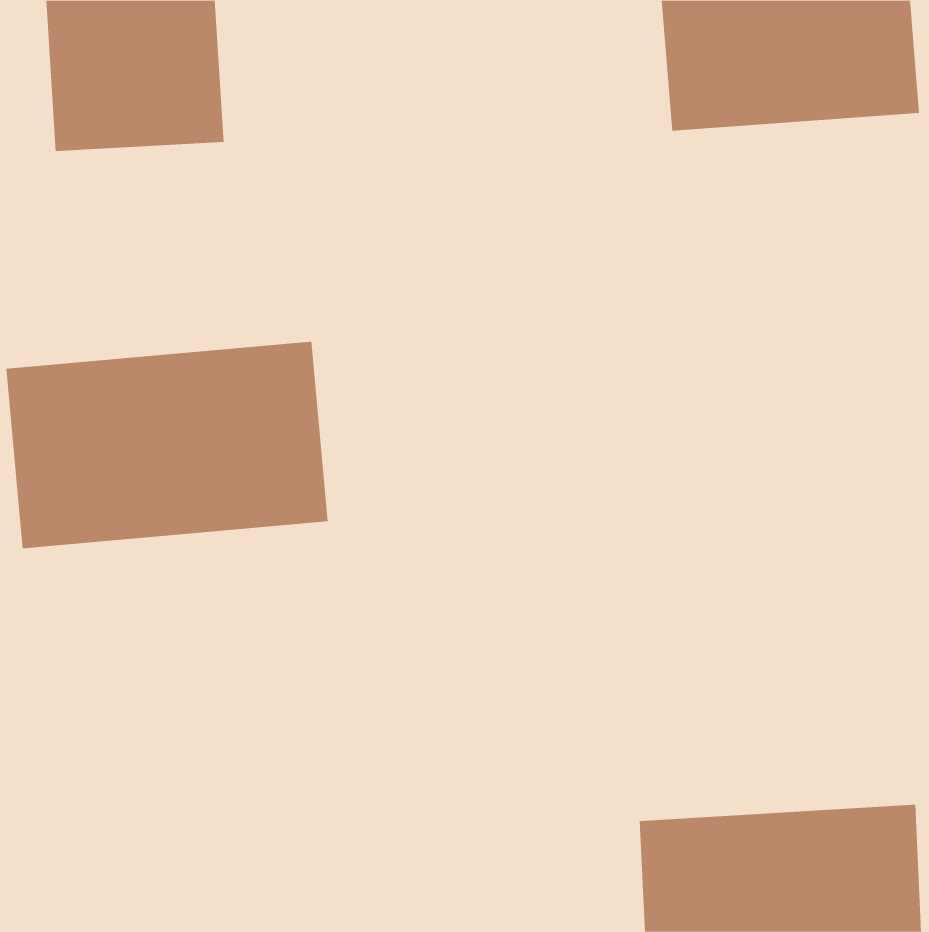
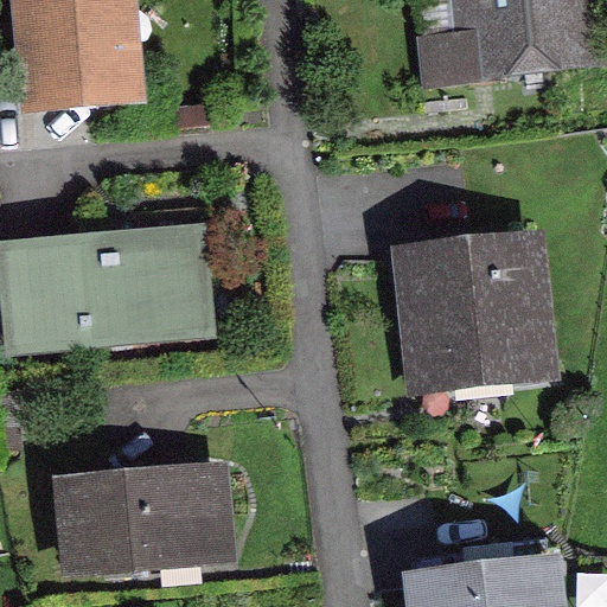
building: none -> [388,250,544,405]
building: none -> [58,462,231,579]

